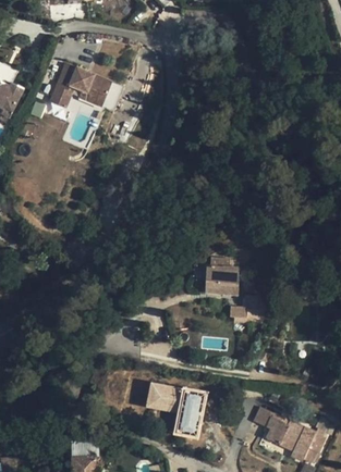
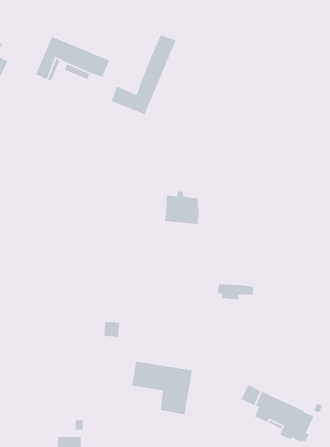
building: none -> [111,34,176,115]
building: [204,261,239,295] -> [164,190,199,225]

